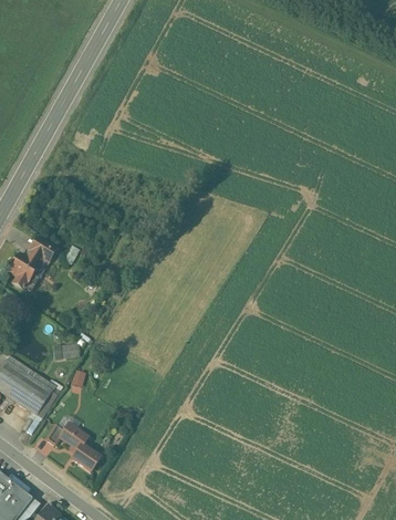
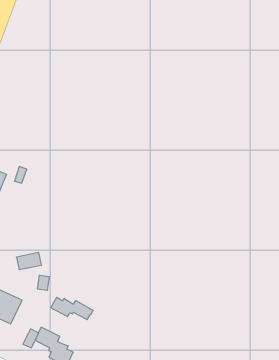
building: none -> [51,297,93,320]

